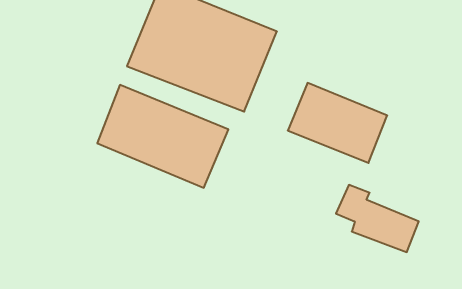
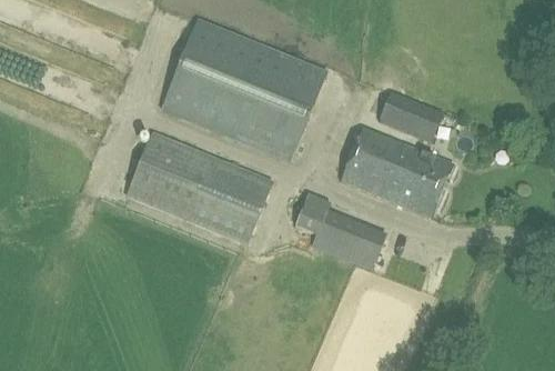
building: none -> [377,91,442,141]
building: [336,185,419,252] -> [293,193,386,269]

